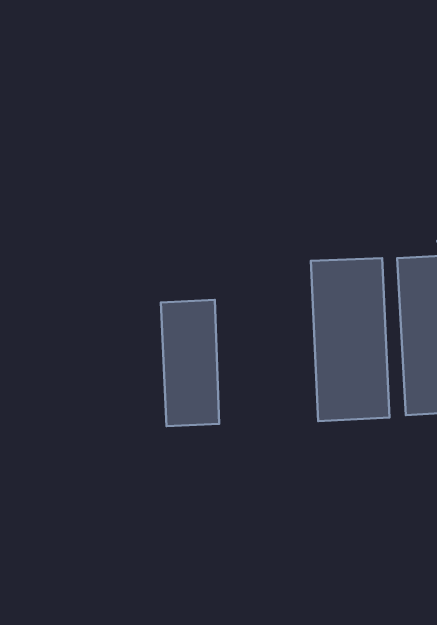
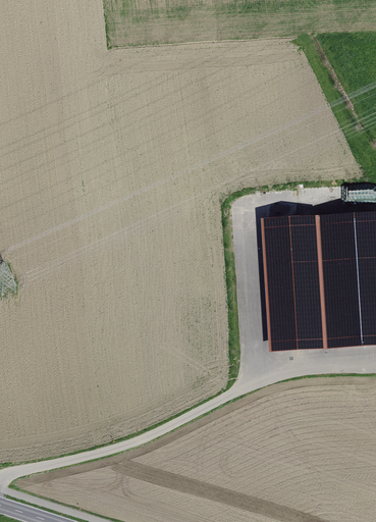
building: [161,300,219,426] -> none

